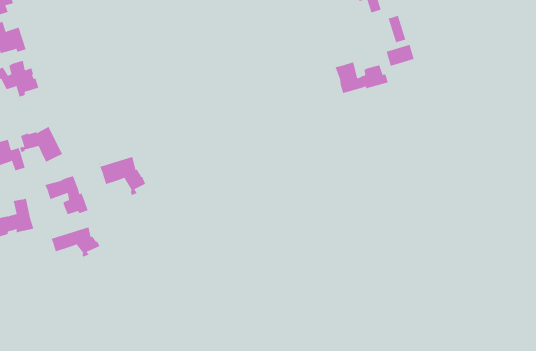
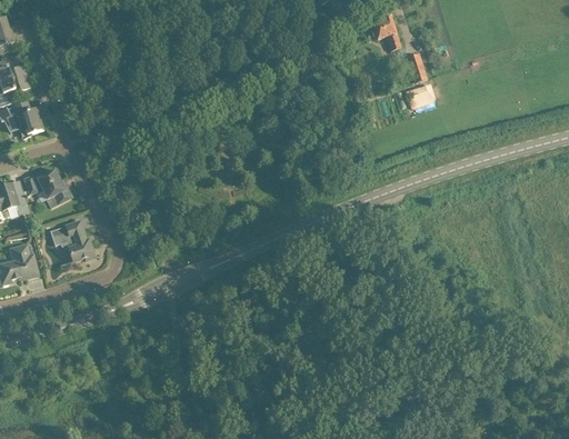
building: [335,53,389,94] -> none
building: [99,156,146,196] -> none
building: [50,226,100,257] -> none

